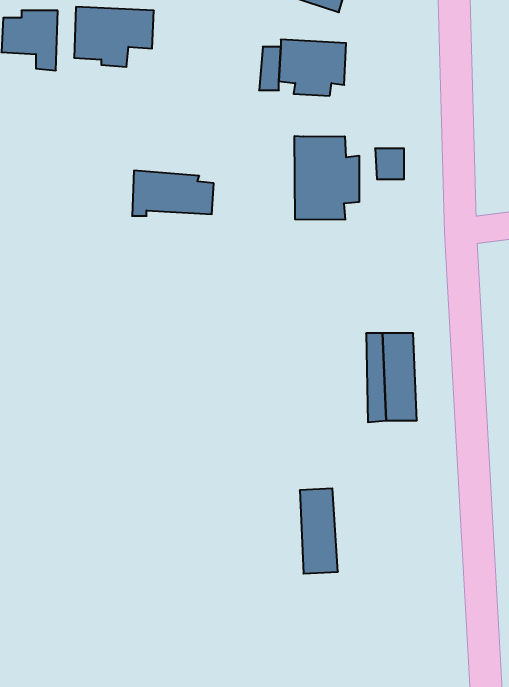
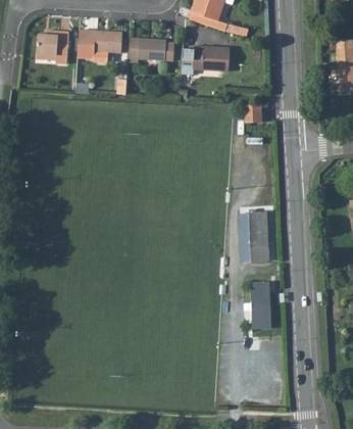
building: [295,136,359,220] -> none
building: [132,171,214,216] -> [127,36,172,61]
building: [300,488,338,574] -> [251,282,272,330]

